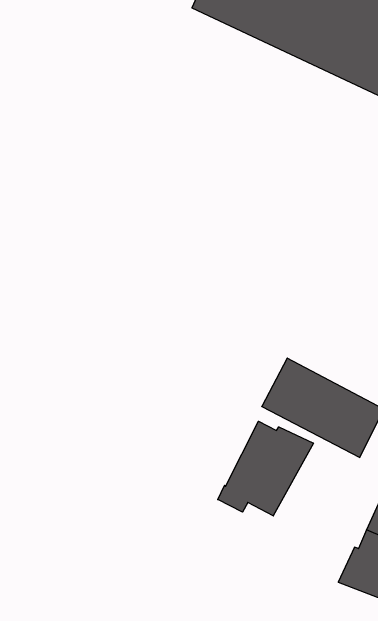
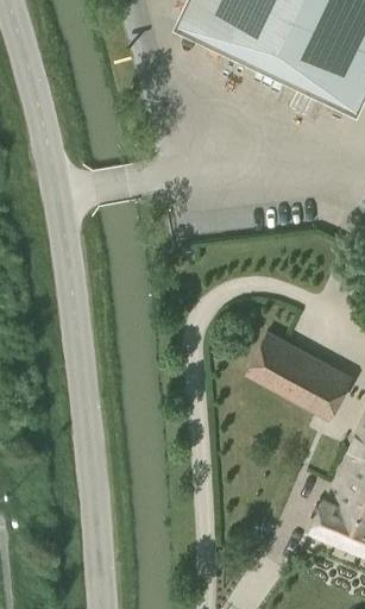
building: [218,421,313,516] -> none

